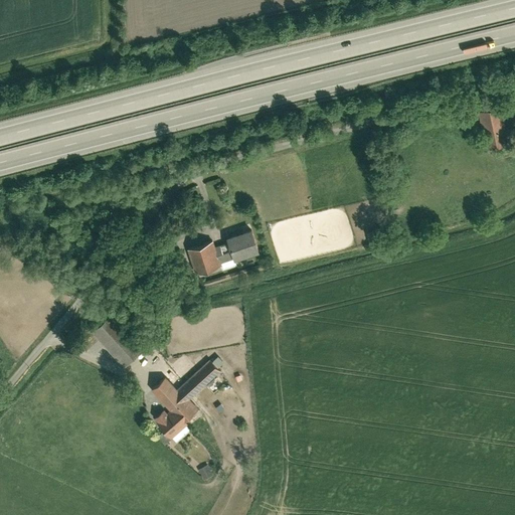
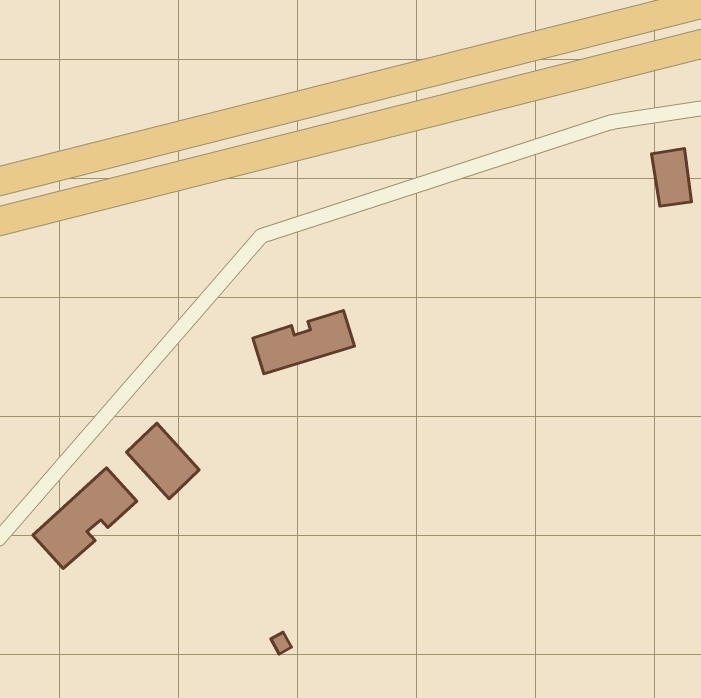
building: none -> [33,468,137,568]
building: [150,359,221,440] -> none

